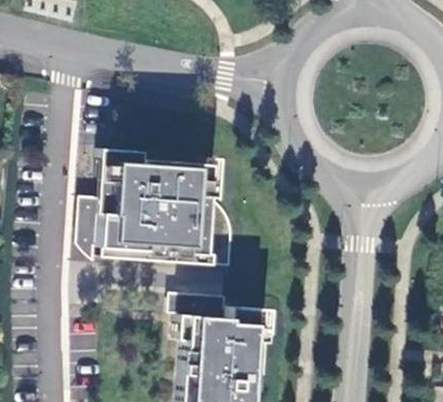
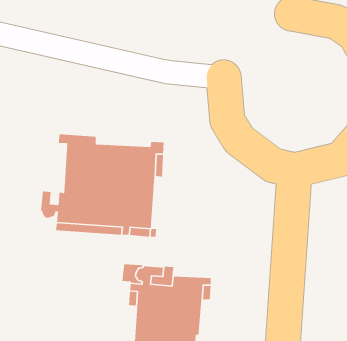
building: [82,161,112,263] -> none

